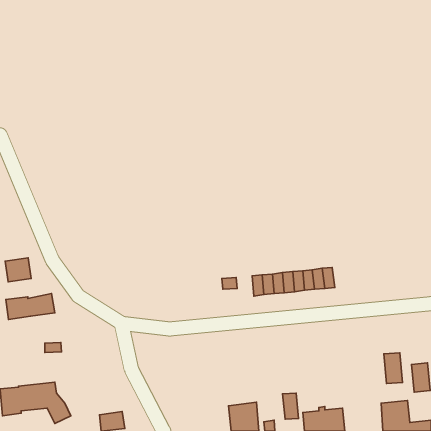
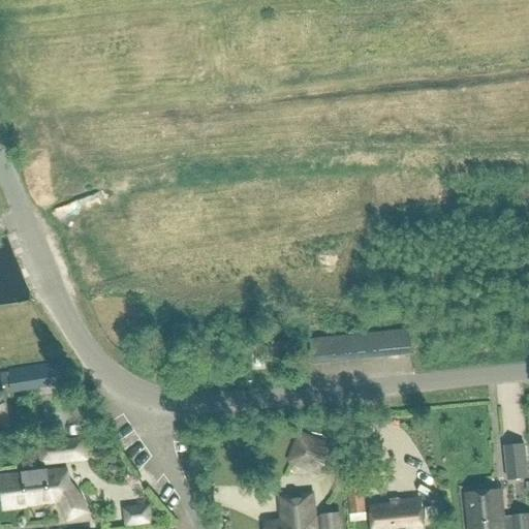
building: [5,258,31,282] -> none
building: [384,353,402,384] -> none
building: none -> [288,435,330,474]

